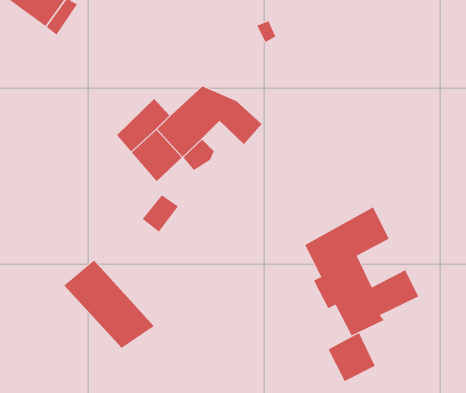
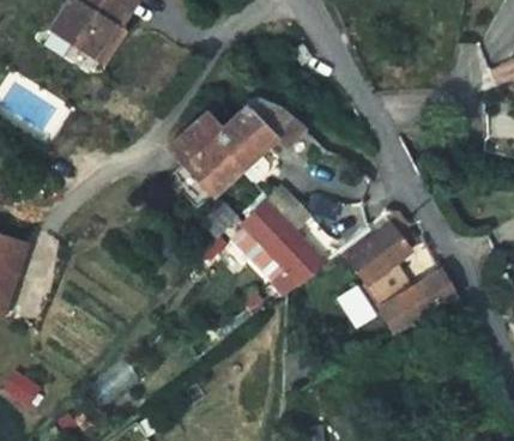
building: [63,260,155,348] -> [225,203,314,289]
building: [328,332,376,382] -> none

